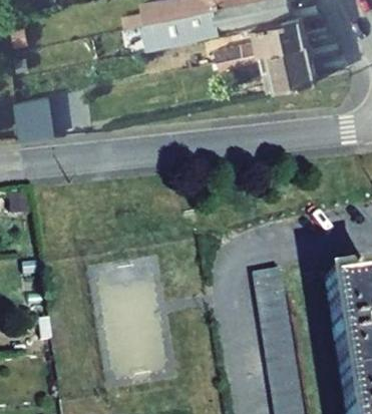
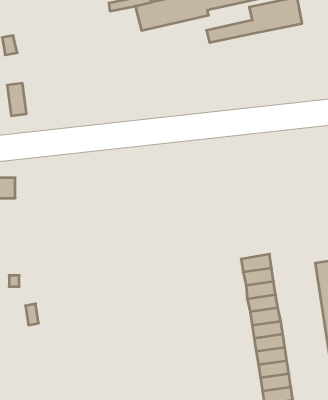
building: [264,41,322,90] -> none

